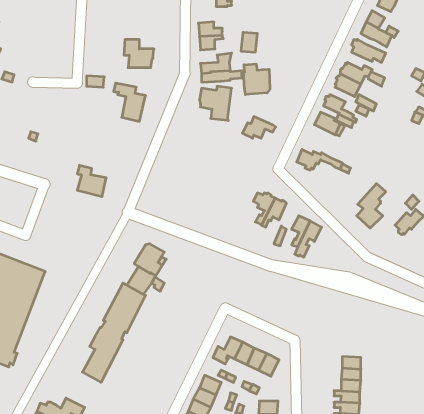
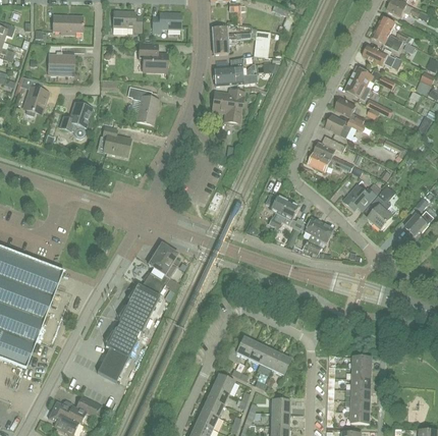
building: none -> [112,10,141,30]
building: none -> [153,11,180,31]
building: none -> [52,13,83,33]
building: none -> [48,50,73,73]
building: [244,64,270,95] -> none
building: none -> [24,85,48,115]
building: none -> [59,102,90,138]
building: [242,117,276,138] -> [313,134,345,156]
building: [77,165,106,197] -> [102,125,130,156]
building: none -> [342,181,380,209]

